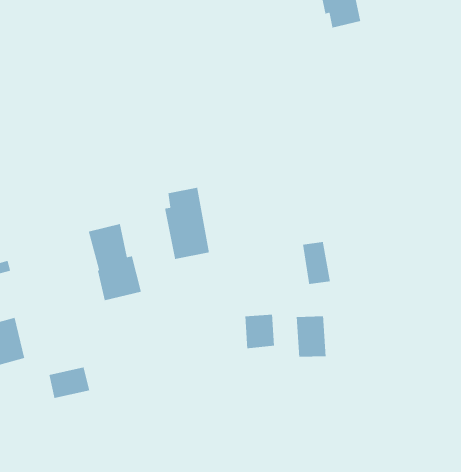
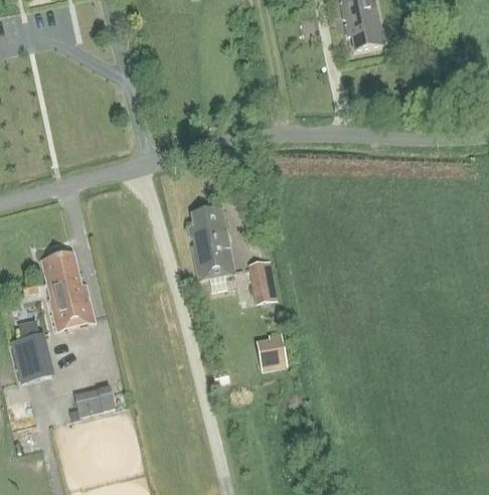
building: [88,223,142,301] -> [41,252,95,329]
building: [302,241,331,285] -> [249,260,277,303]
building: [296,316,327,358] -> none

